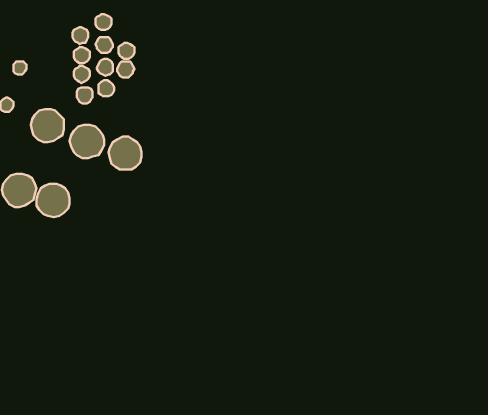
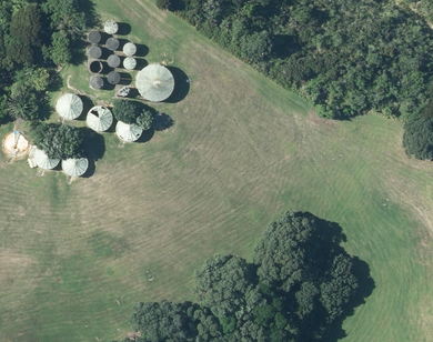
building: none -> [137,63,175,101]

